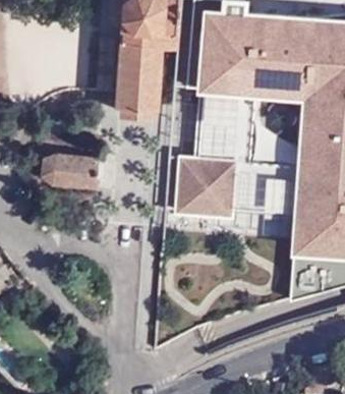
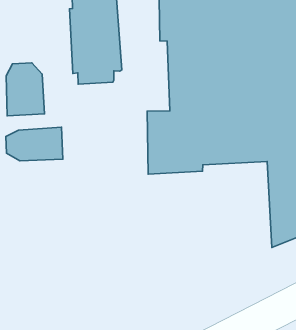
building: none -> [6,63,45,116]

